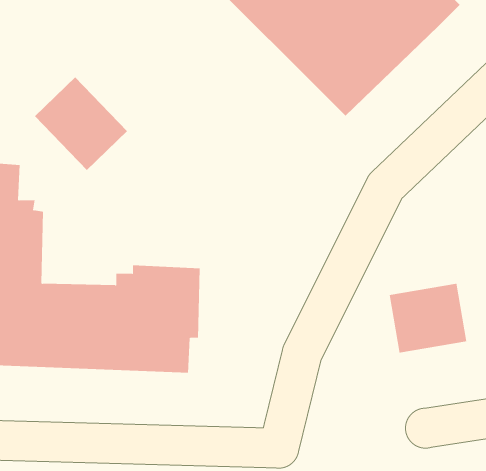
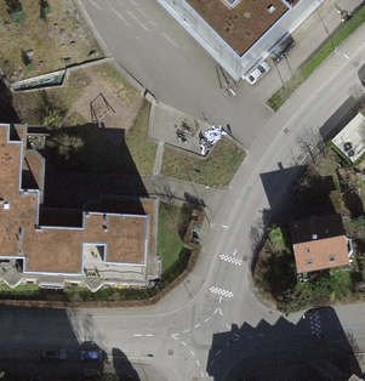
building: [34,77,128,171] -> none

